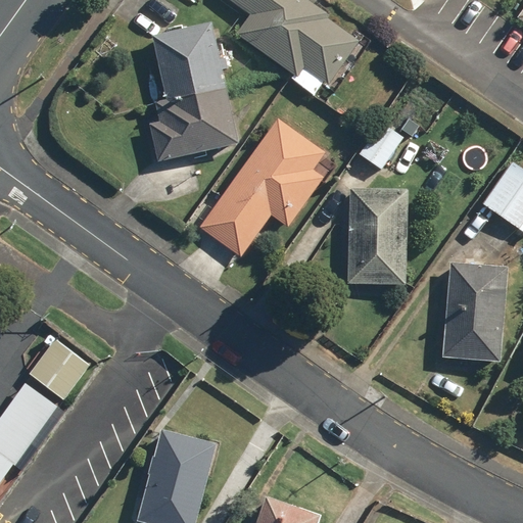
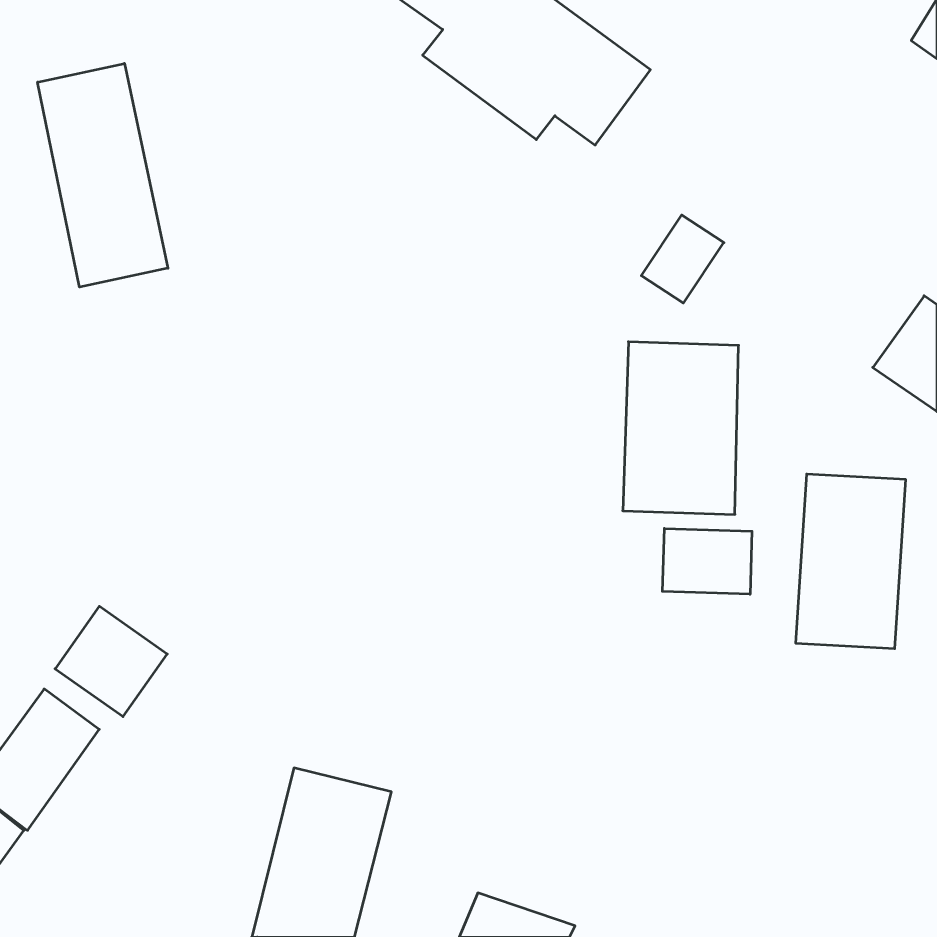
building: [147,22,239,159] -> none
building: none -> [38,63,168,287]
building: [196,122,329,263] -> none
building: none -> [662,528,752,594]

